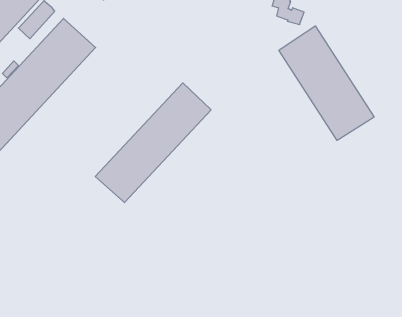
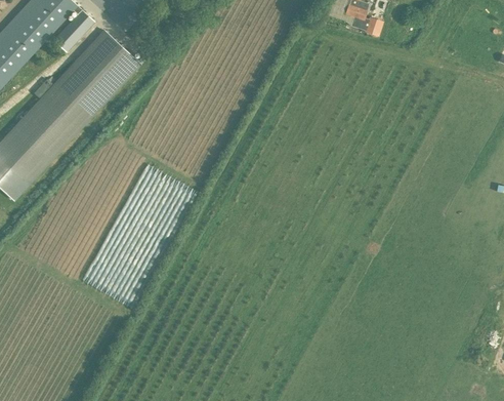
building: [279,26,374,140] -> none
building: [95,83,211,203] -> none

